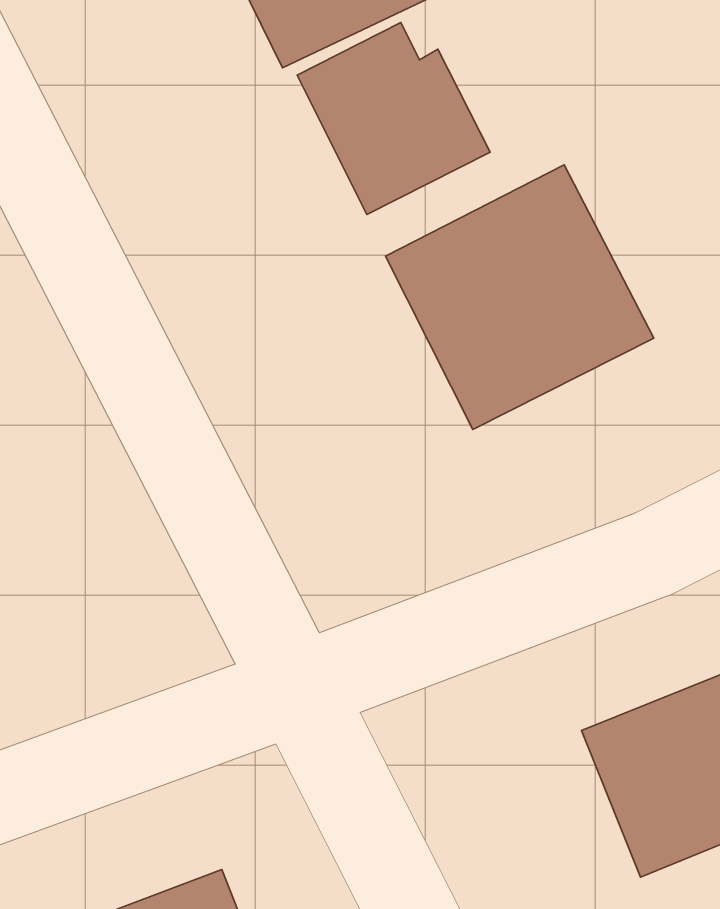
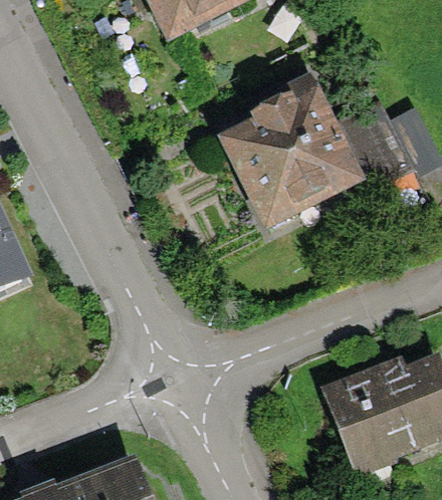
building: [297,22,490,215] -> none

